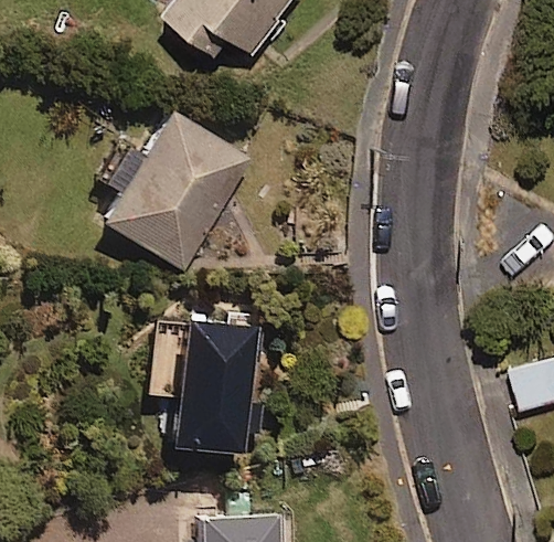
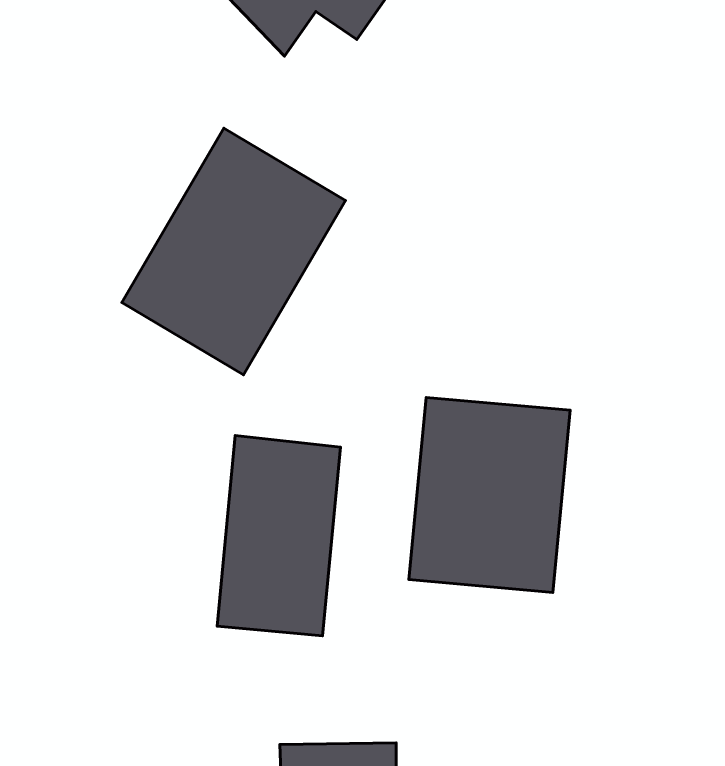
building: none -> [409,397,570,592]

